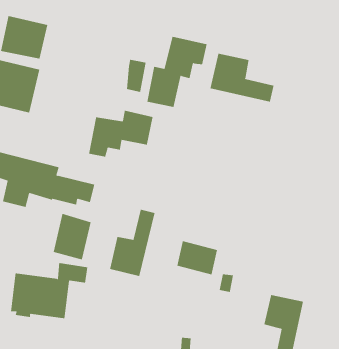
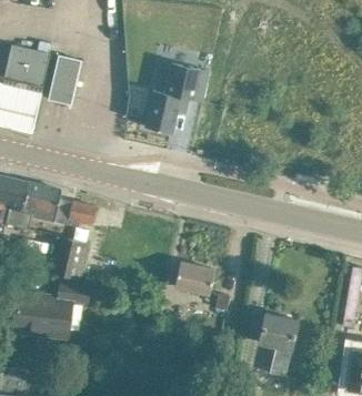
building: none -> [48,55,80,104]
building: [210,53,274,102] -> none
building: [89,110,153,158] -> none
building: [110,209,155,277] -> none

